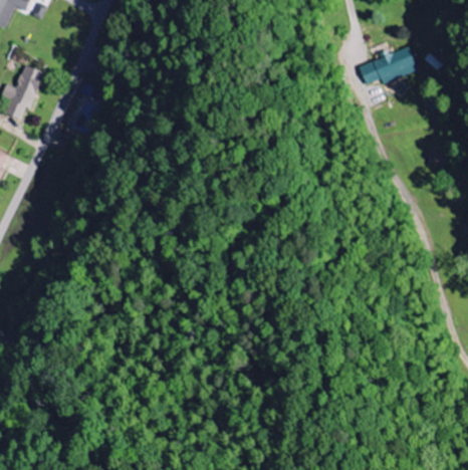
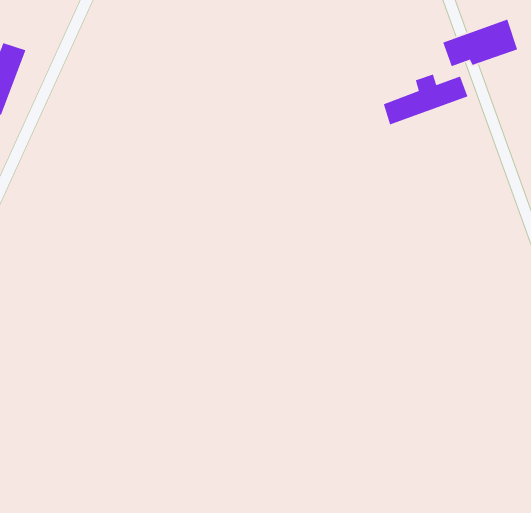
building: none -> [383,74,469,125]

